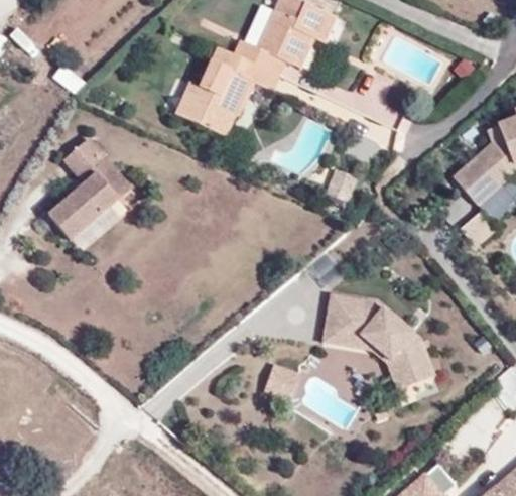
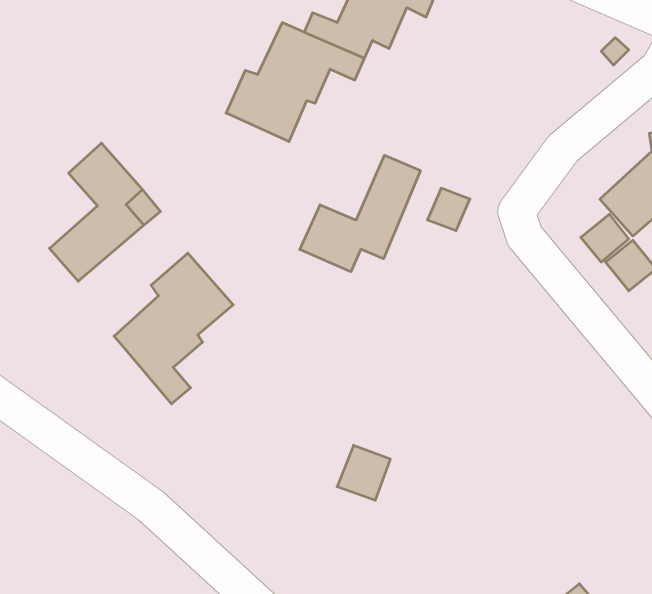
building: none -> [300,155,420,272]
building: none -> [114,253,233,404]
building: [324,294,435,391] -> none

